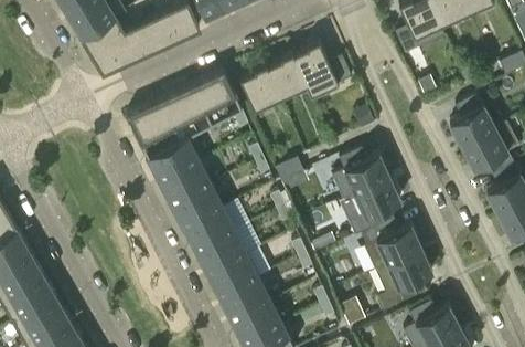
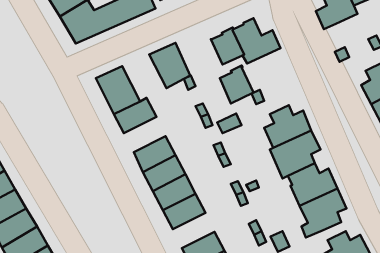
building: [240,64,281,111] -> [220,65,253,103]
building: [159,85,213,143] -> none
building: [161,161,212,204] -> none
building: [221,278,271,322] -> none

